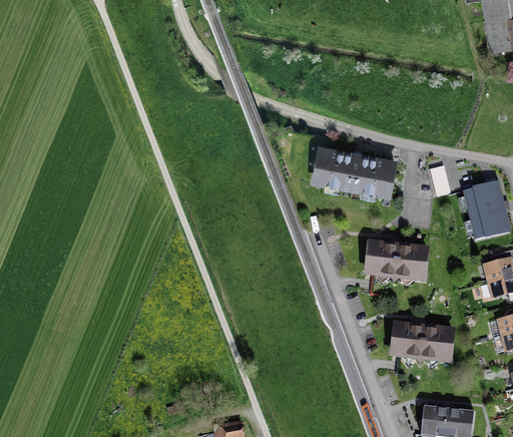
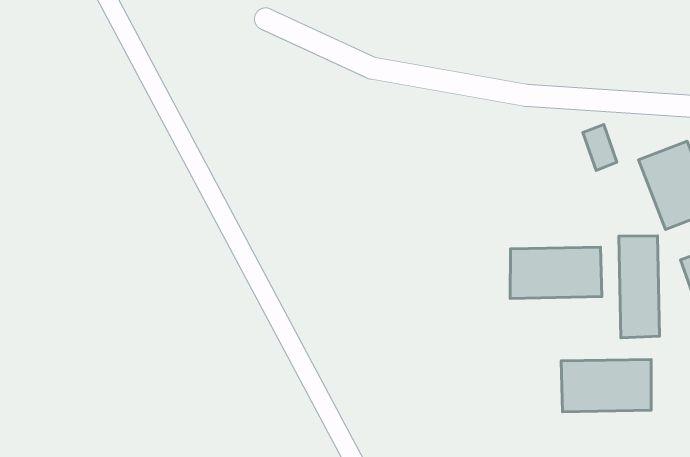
building: [311,144,397,196] -> none
building: none -> [619,236,660,338]

